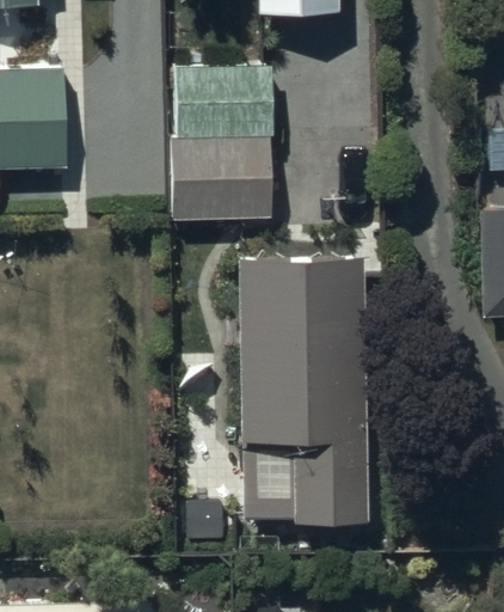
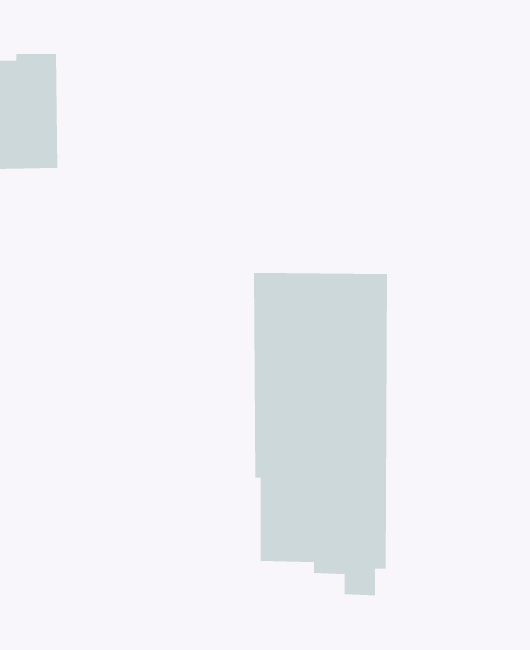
building: [174,65,275,220] -> none

